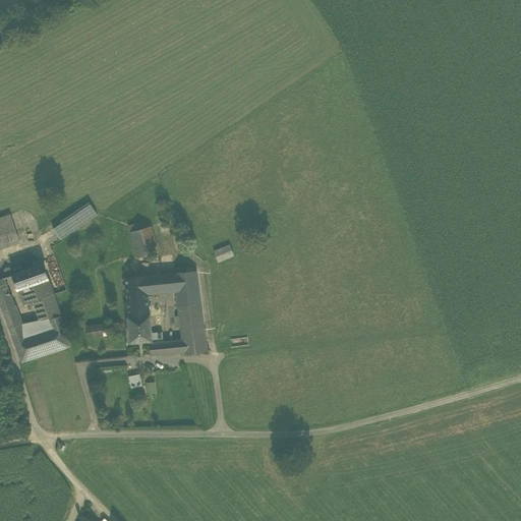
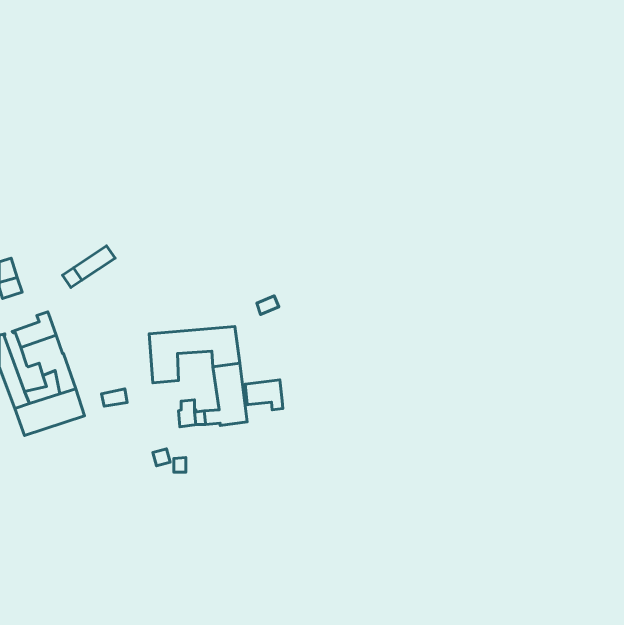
building: [127,223,157,258] -> none
building: none -> [245,380,283,410]
building: [127,316,151,343] -> none

